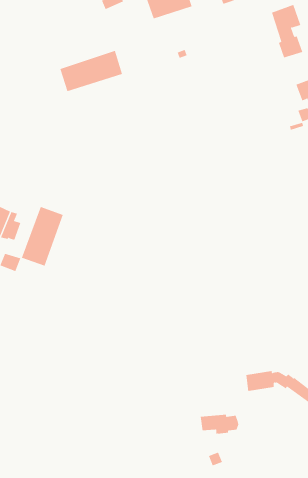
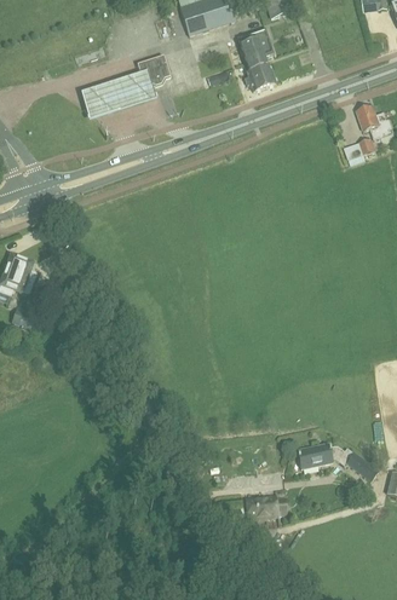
building: [271,4,303,58] -> [237,27,275,90]
building: none -> [136,53,169,85]
building: [21,206,63,266] -> none

